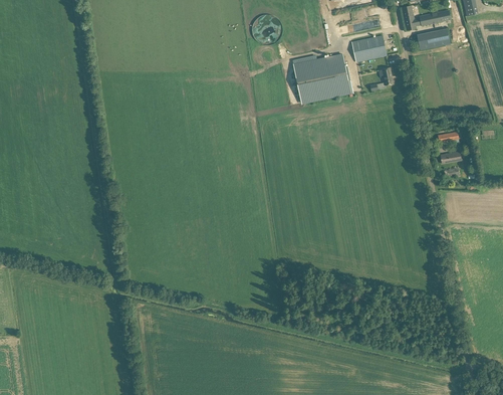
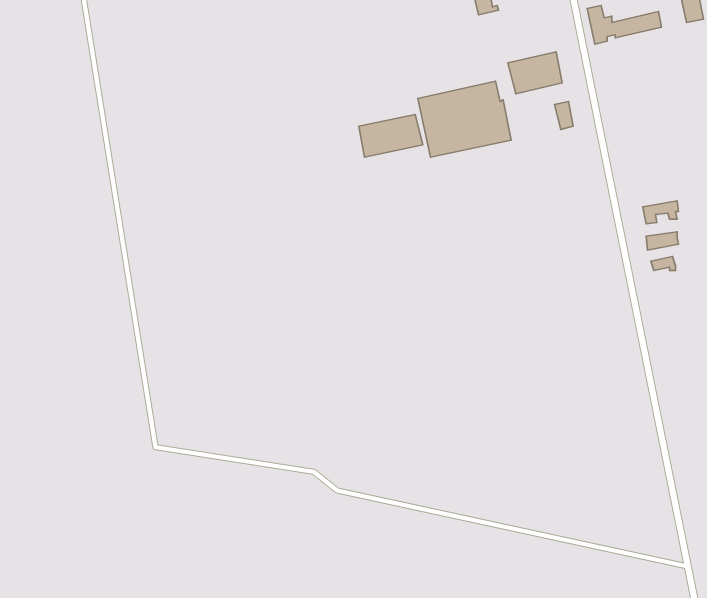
building: [417,27,450,48] -> none
building: none -> [359,114,423,157]

